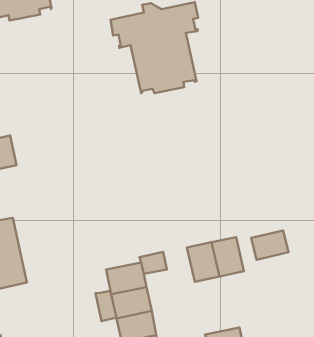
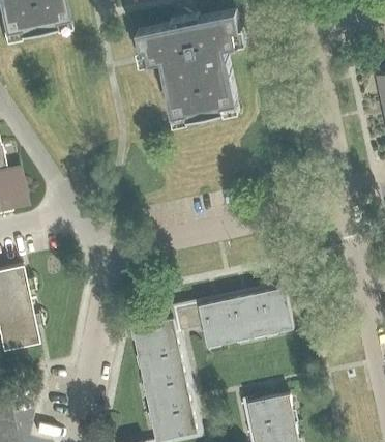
building: [251,231,289,260] -> none
building: none -> [199,300,236,347]
building: [96,291,116,321] -> none

